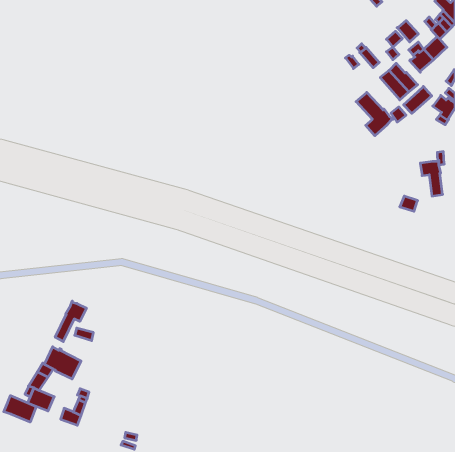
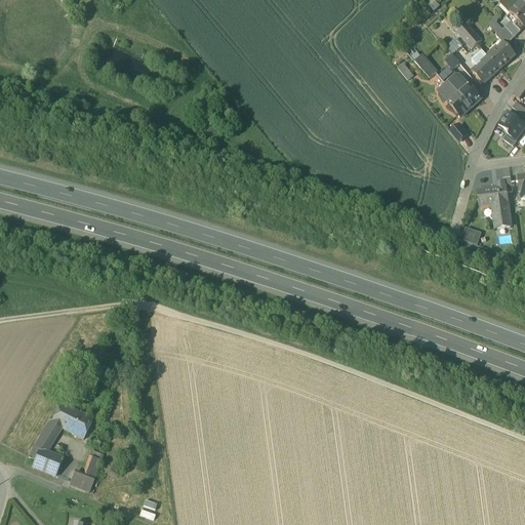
building: [404,86,432,113] -> none
building: [356,92,393,136] -> none
building: [55,301,86,342] -> none
building: [4,396,36,422] -> none

